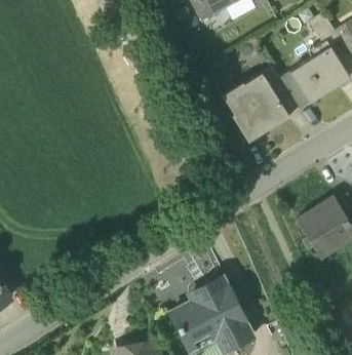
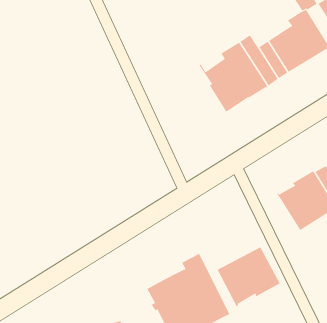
building: none -> [217,246,280,307]

